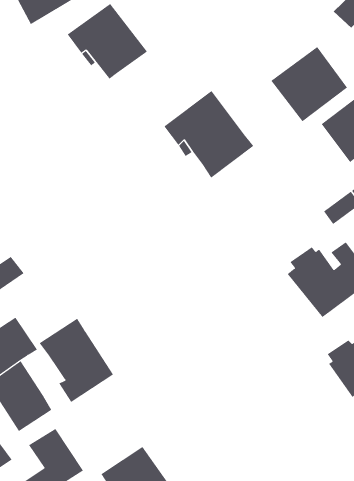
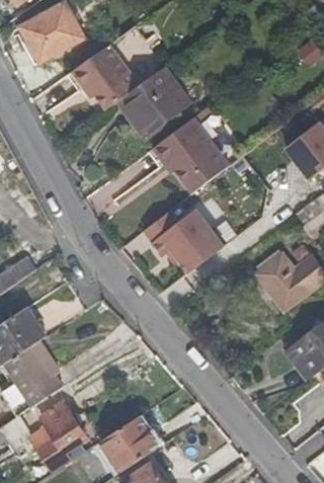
building: none -> [113,68,190,141]
building: [270,46,348,122] -> none
building: none -> [150,209,222,272]
building: [39,318,114,403] -> none

